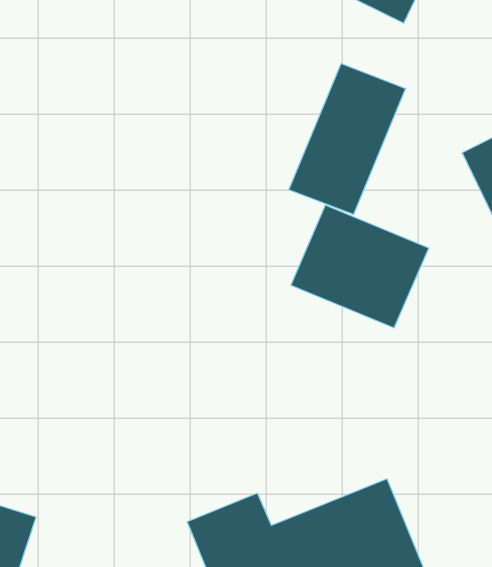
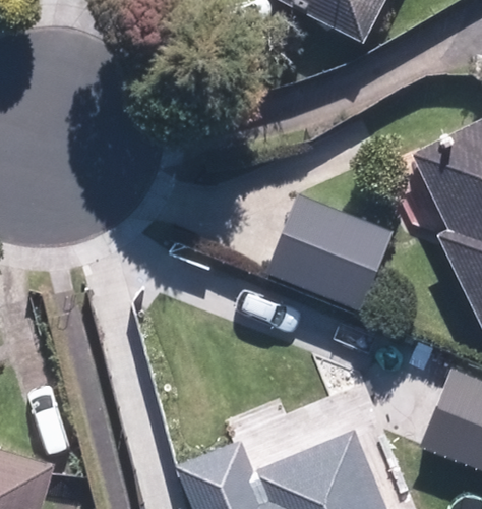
building: [289,64,406,215] -> none

